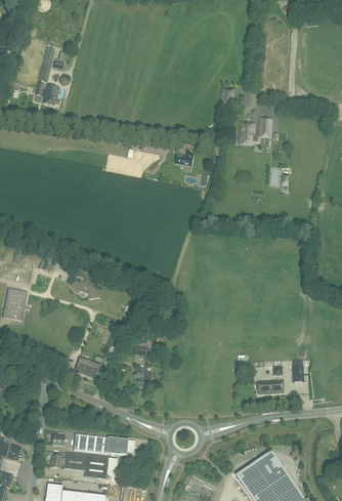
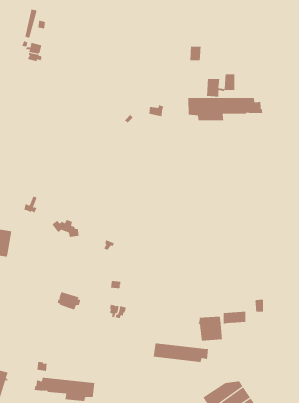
building: none -> [188,97,263,121]
building: none -> [198,316,222,341]
building: [73,433,134,455] -> [153,343,209,362]

